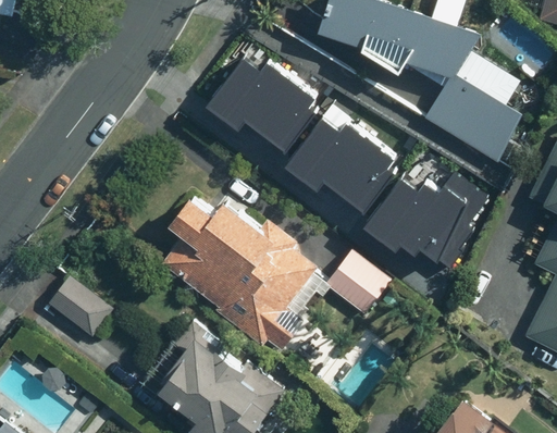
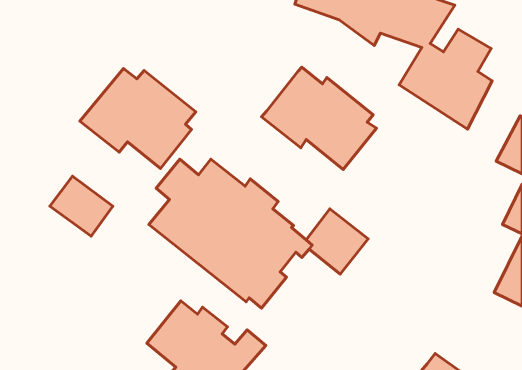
building: [200,40,322,146] -> [80,68,196,169]
building: [357,158,493,259] -> none
building: [49,276,115,339] -> [50,176,113,236]

